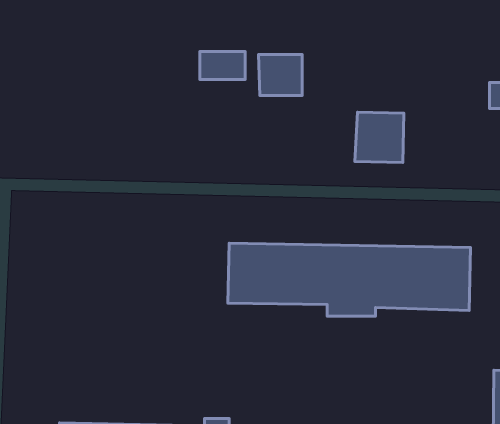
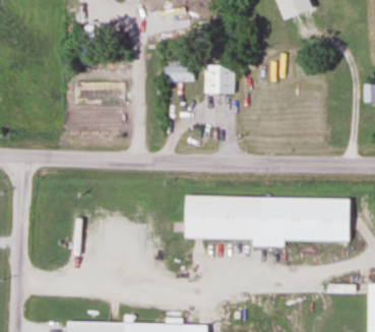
building: [355,112,404,163] -> none

